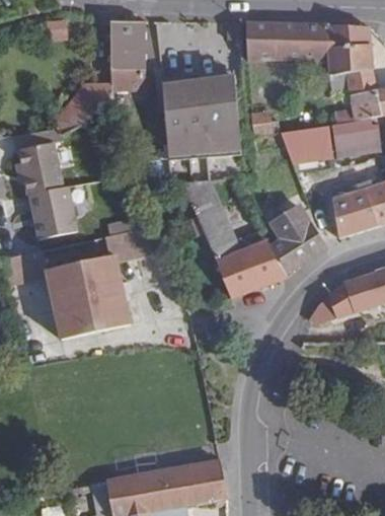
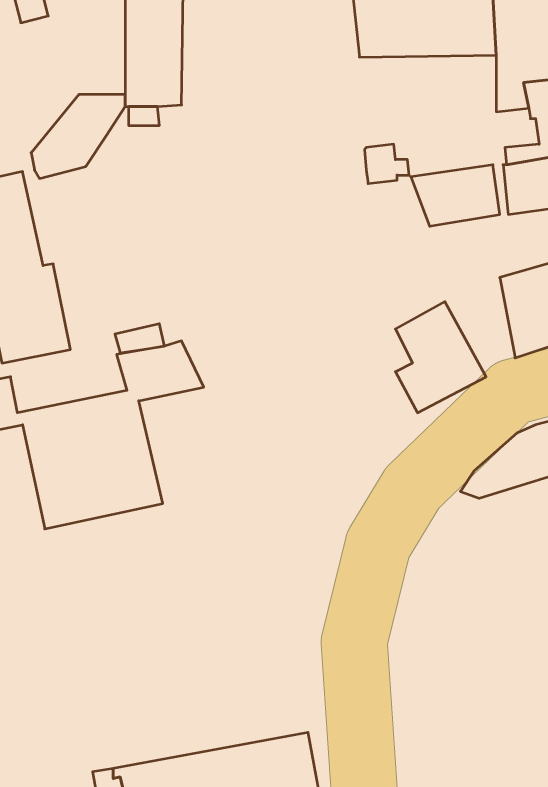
building: [160,77,240,156] -> none
building: [183,178,286,296] -> none

